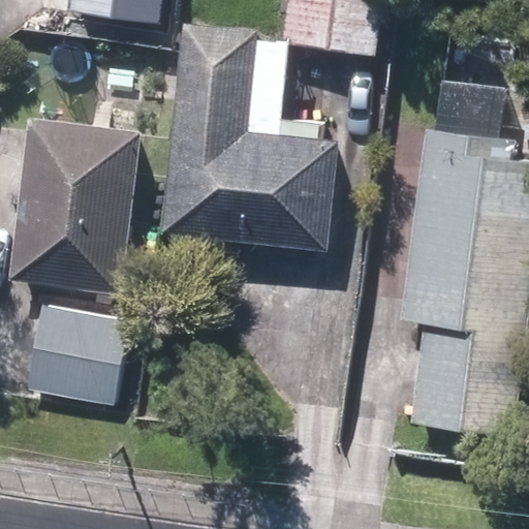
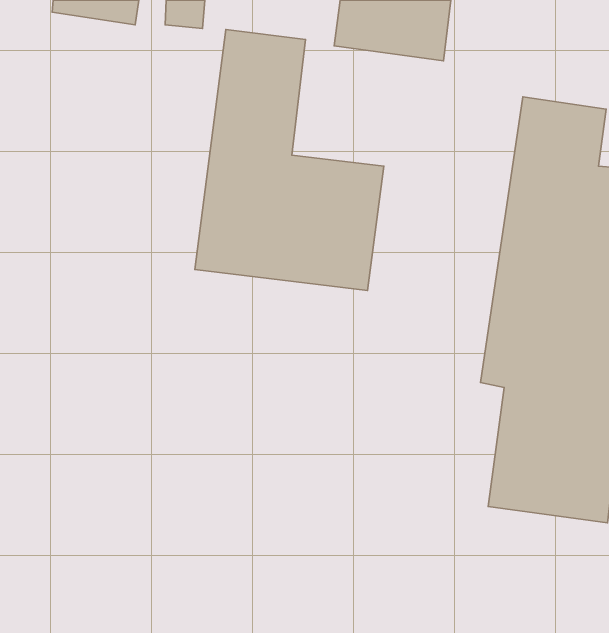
building: [8,116,143,293] -> none
building: [27,308,126,403] -> none

